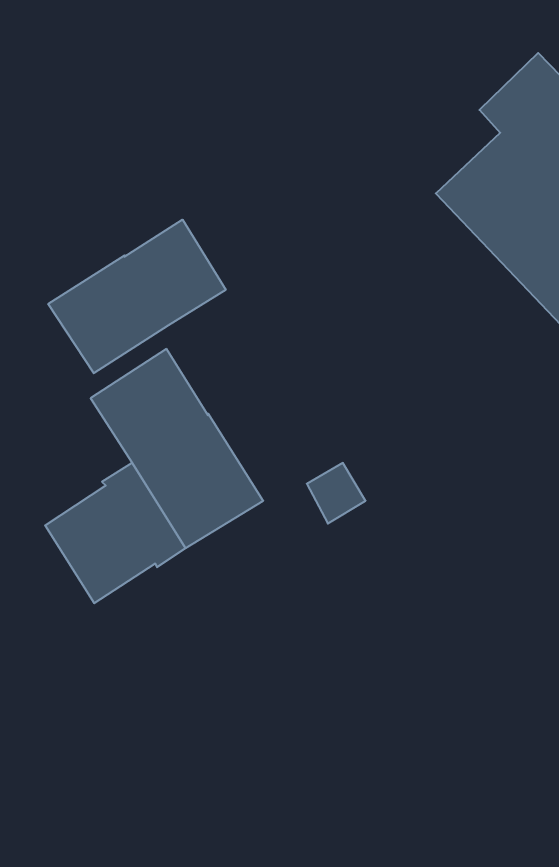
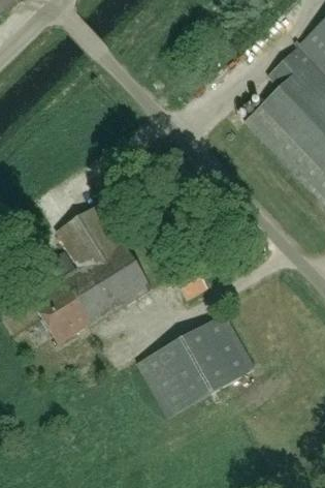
building: [48,220,226,373] -> none
building: none -> [138,312,256,416]

